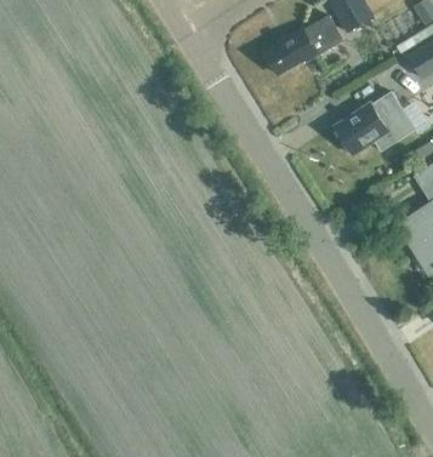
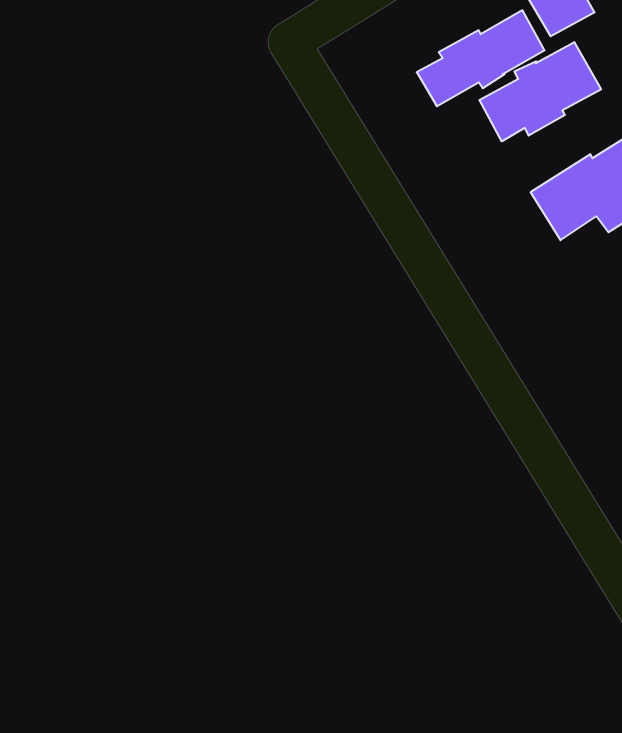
building: none -> [479,42,601,141]

